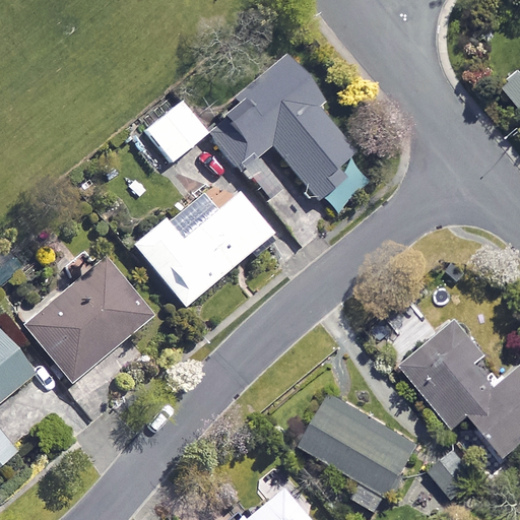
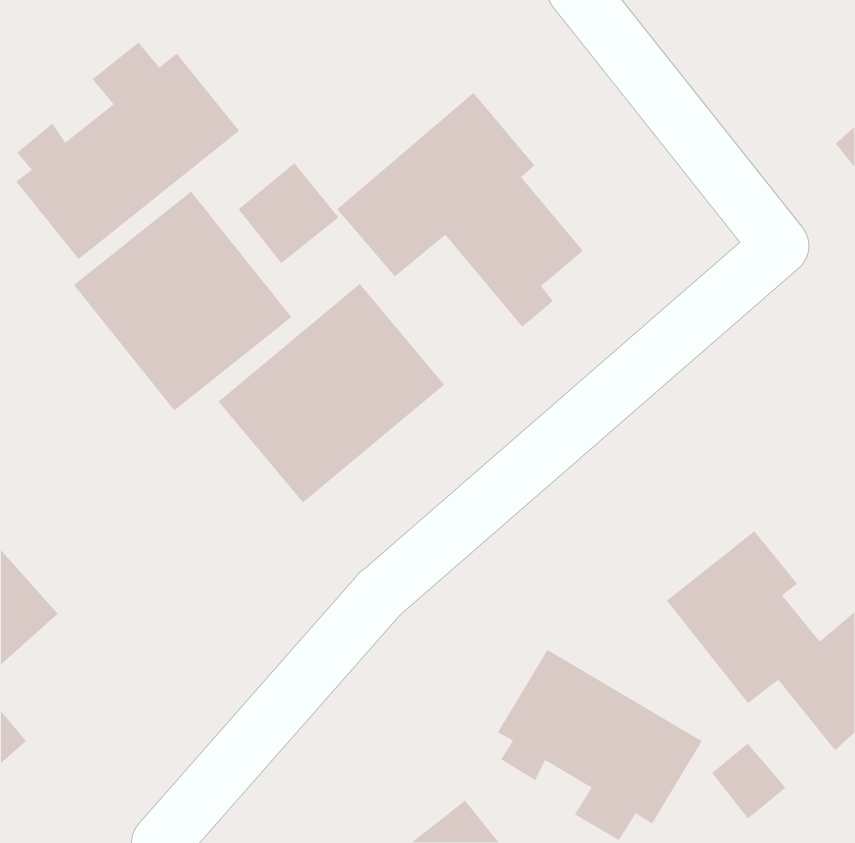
building: none -> [15,42,240,260]
building: none -> [73,191,292,412]
building: [25,261,147,378] -> none

